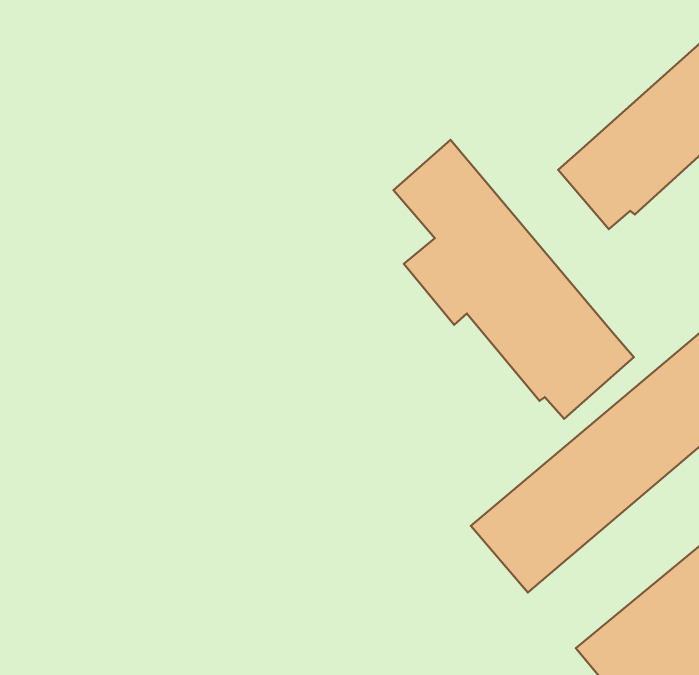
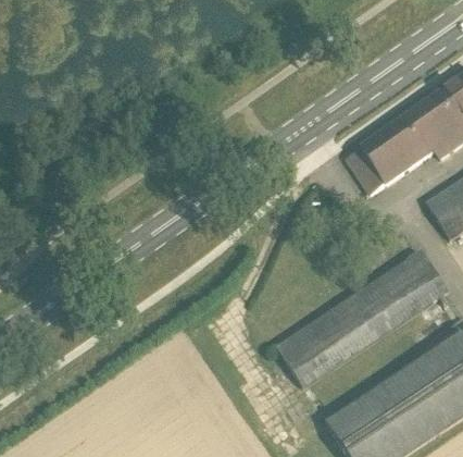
building: [393,140,634,419] -> none

